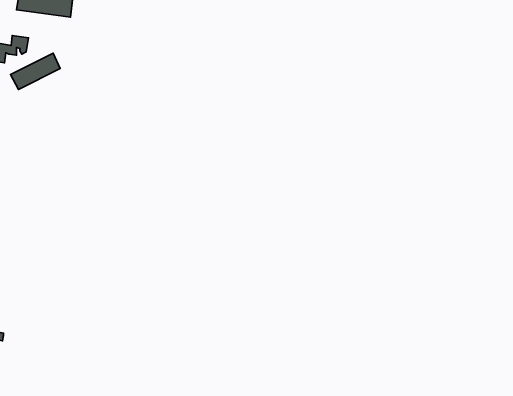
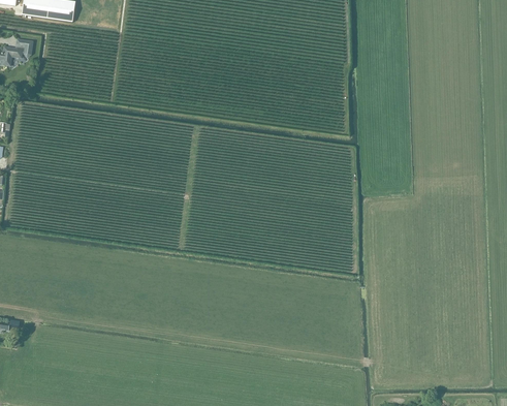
building: [11,53,60,90] -> none

